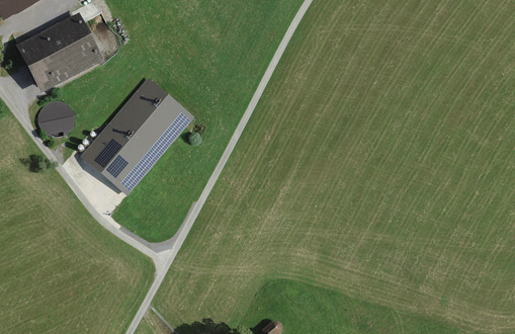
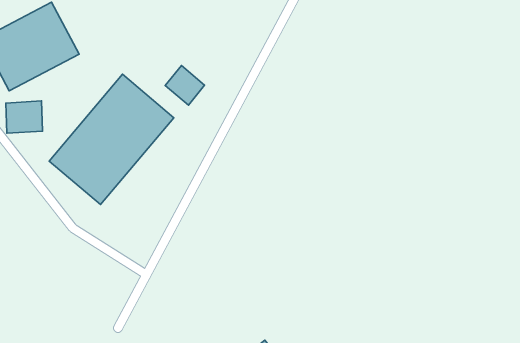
building: none -> [165,65,205,105]

